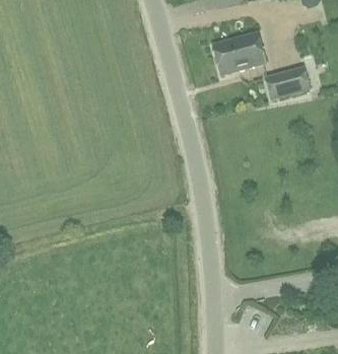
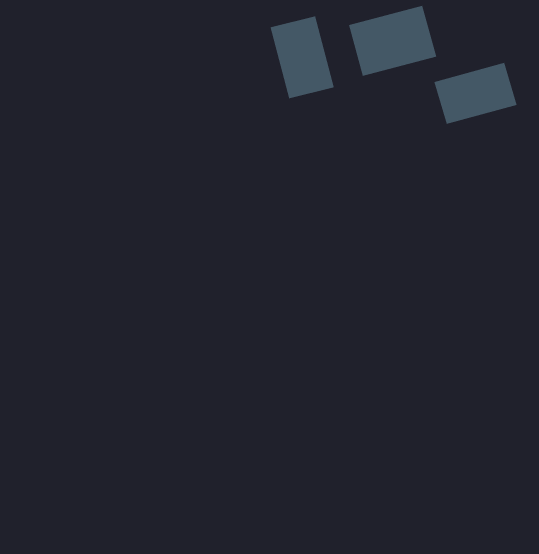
building: none -> [270,16,335,99]

